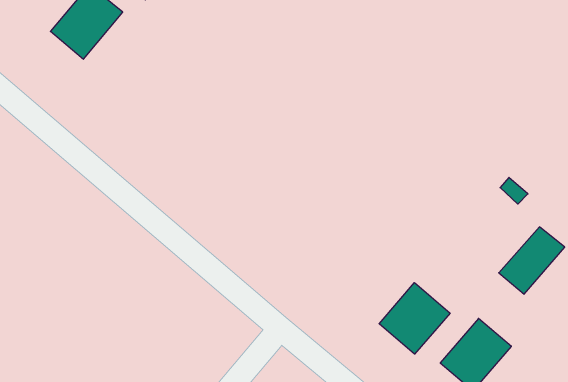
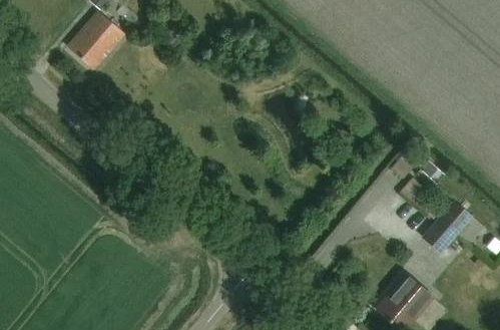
building: [379,283,450,354] -> none

